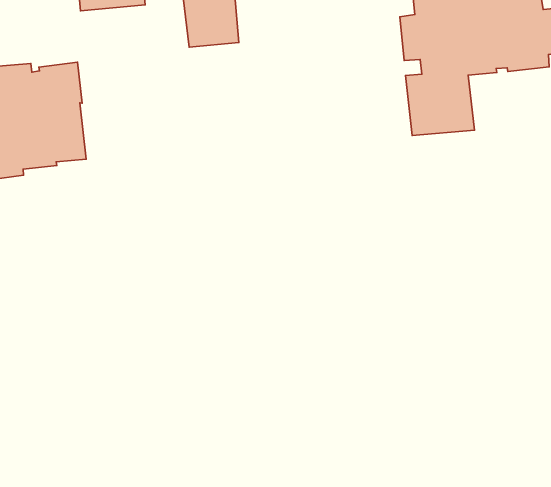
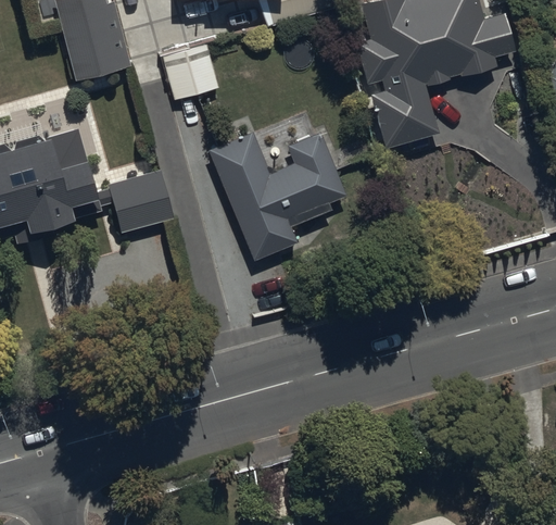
building: none -> [207,130,346,260]
building: none -> [108,168,173,232]

